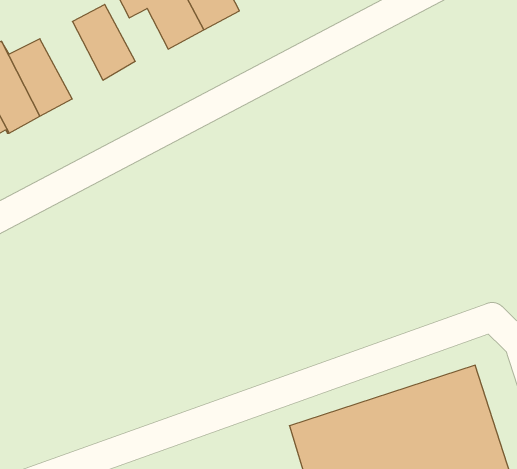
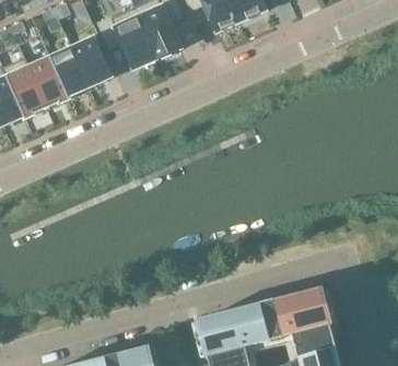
building: none -> [50,47,90,97]

